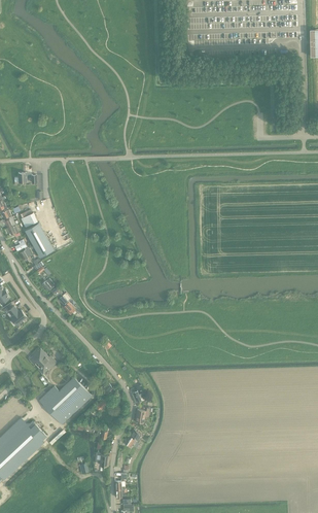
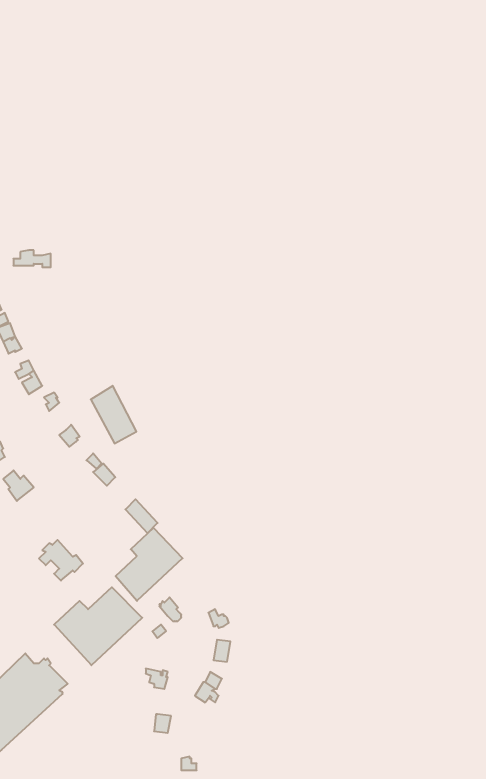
building: [25,221,52,256] -> [91,386,136,443]
building: none -> [116,528,183,601]

